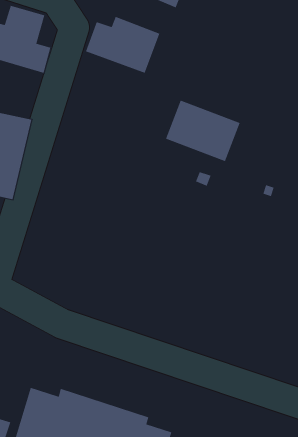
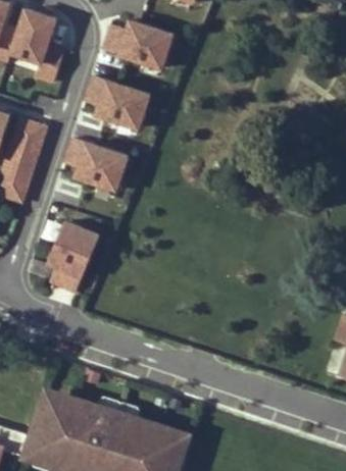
building: [165,100,240,162] -> [77,72,153,136]
building: none -> [58,137,130,197]
building: none -> [42,220,99,295]

